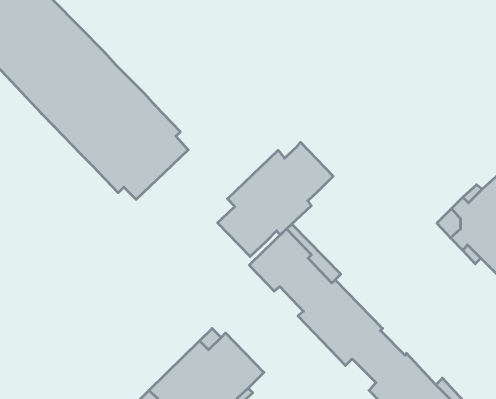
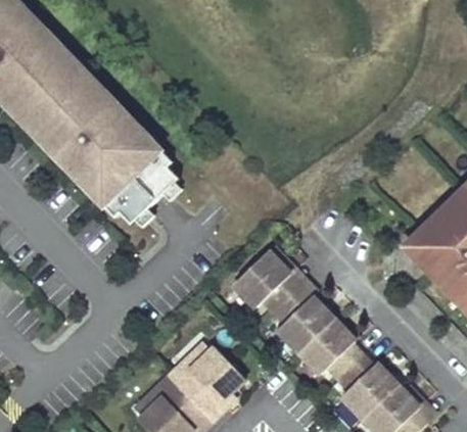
building: [218,142,333,257] -> none

